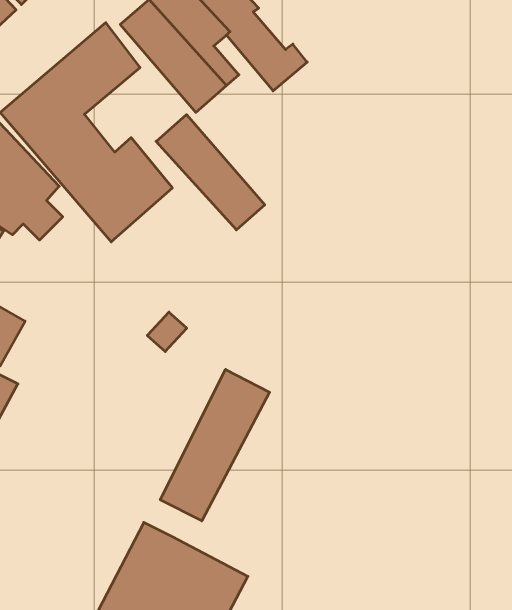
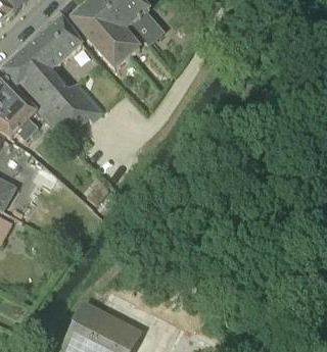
building: [156,115,265,230] -> none
building: [160,369,270,521] -> none

